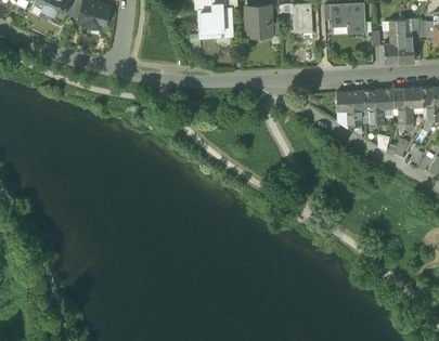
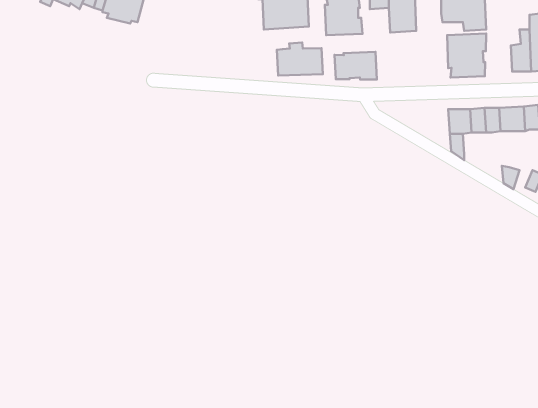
building: none -> [447,34,486,78]
building: none -> [277,42,323,76]
building: none -> [335,52,377,80]

